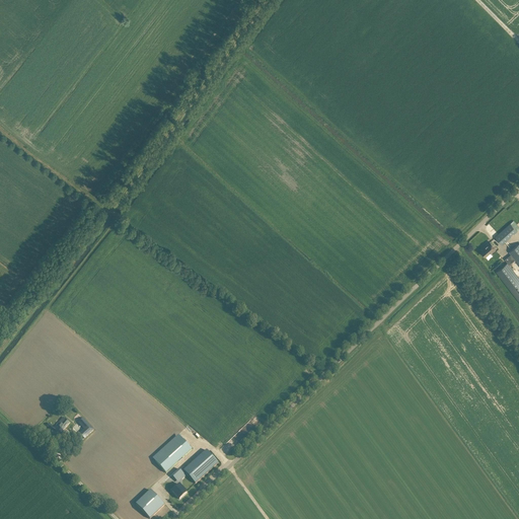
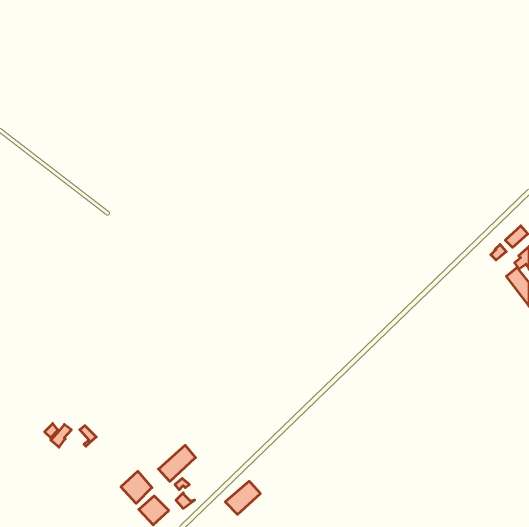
building: [183,449,218,481] -> [225,481,260,514]
building: none -> [121,471,152,503]

